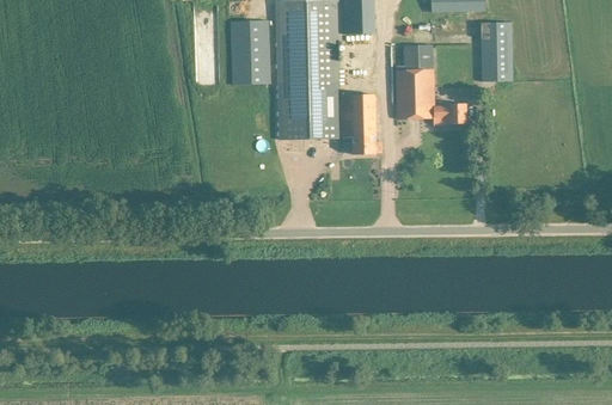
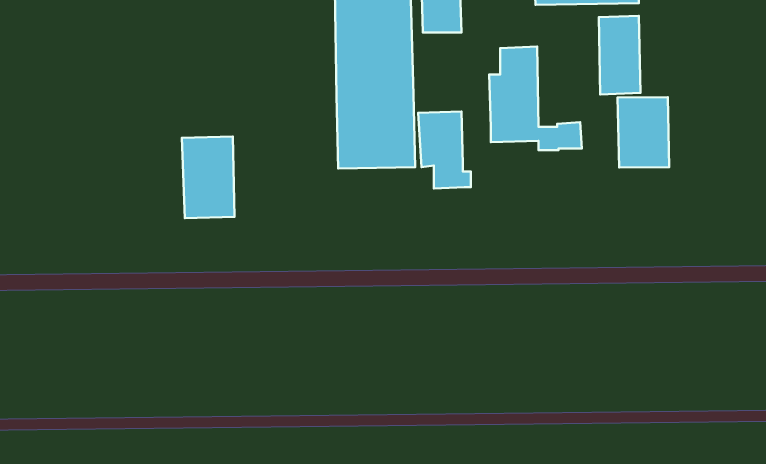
building: [230,22,270,85] -> [182,136,234,218]
building: none -> [618,97,669,168]

